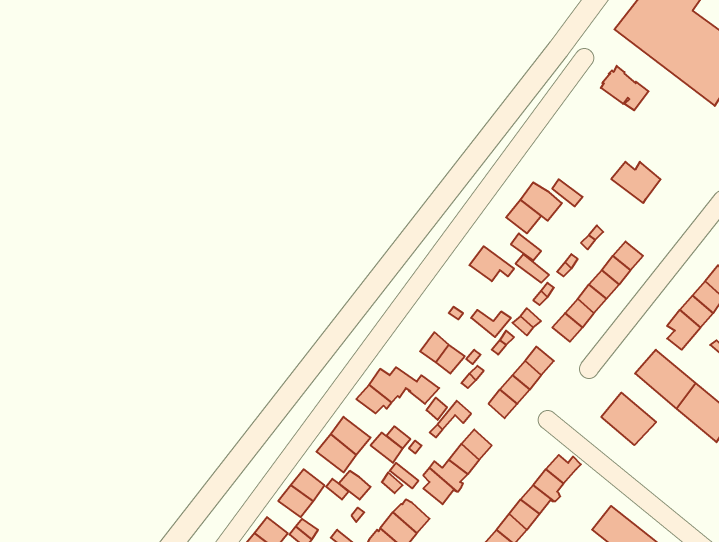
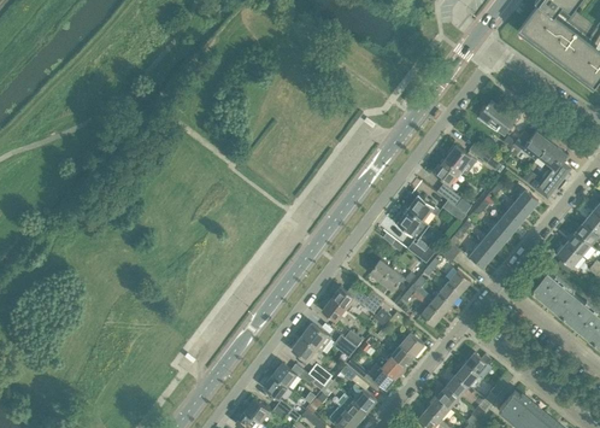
building: [601,66,649,110] -> [480,100,516,134]
building: none -> [536,143,570,197]
building: none -> [395,209,429,240]
building: [601,393,656,445] -> none

